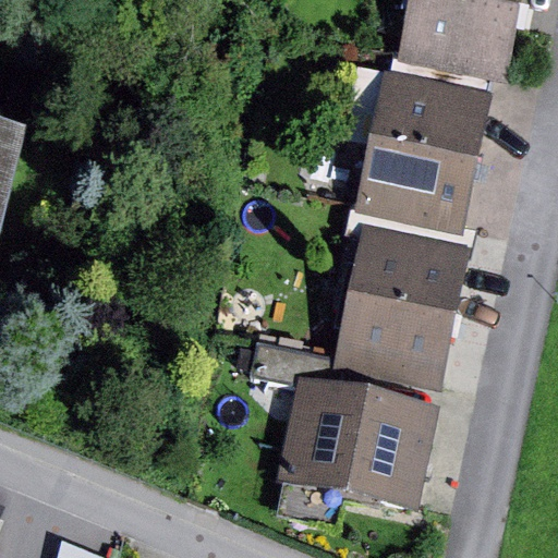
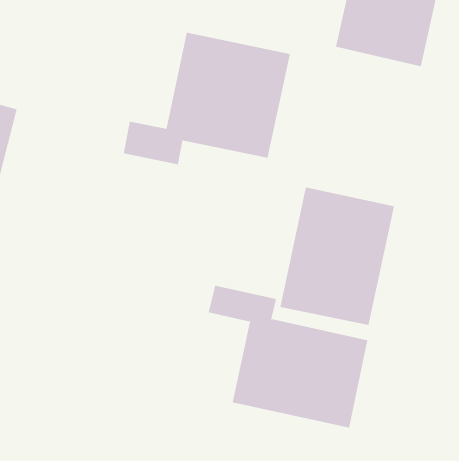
building: none -> [123,32,290,165]
building: [354,68,493,231] -> none

